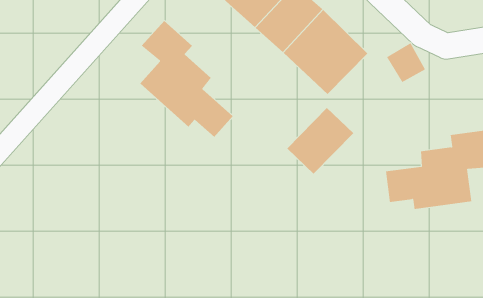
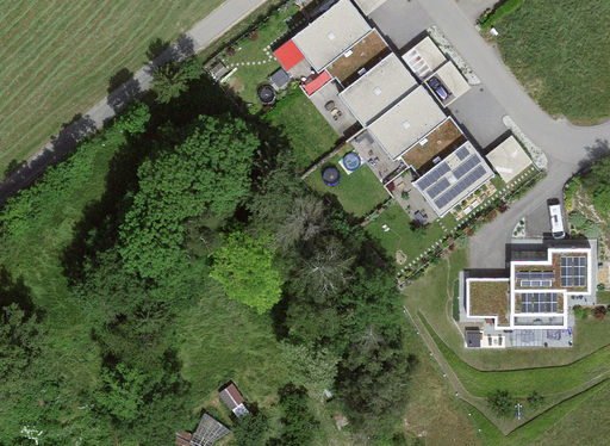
building: [139,20,233,138] -> none
building: [286,107,354,175] -> [412,141,493,217]

